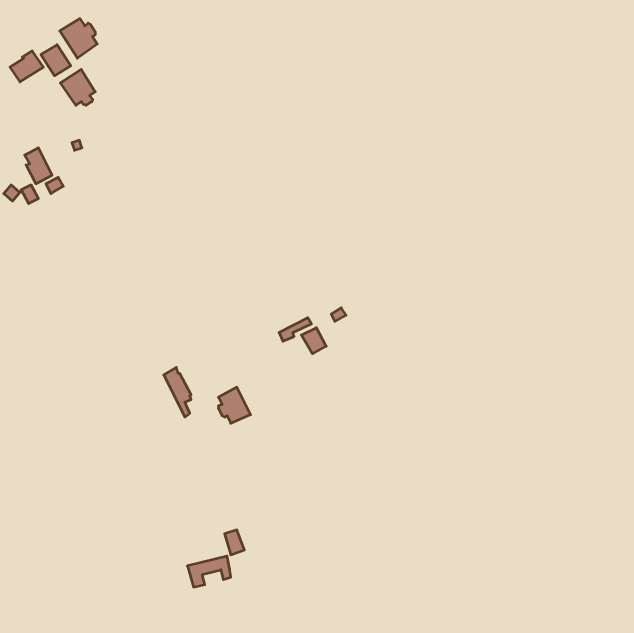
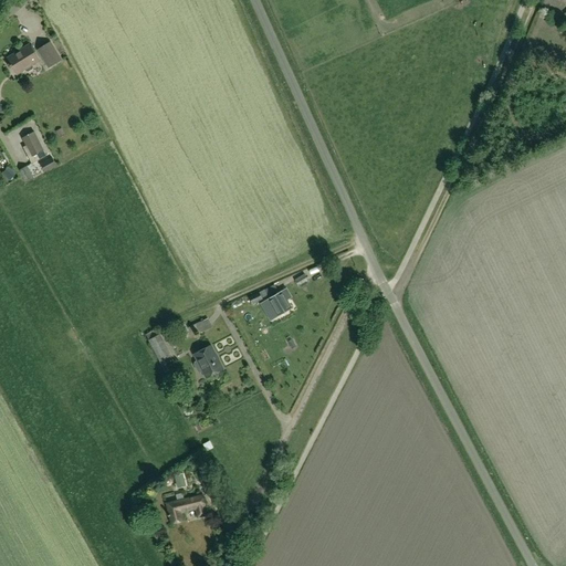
building: [60,19,97,58] -> none
building: [60,69,95,105] -> none

